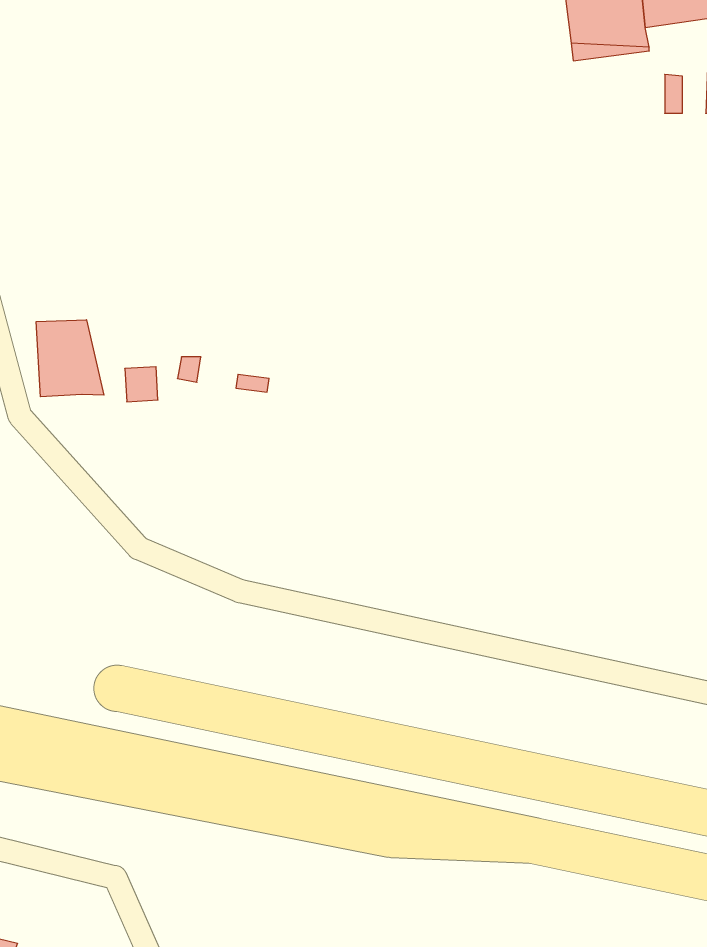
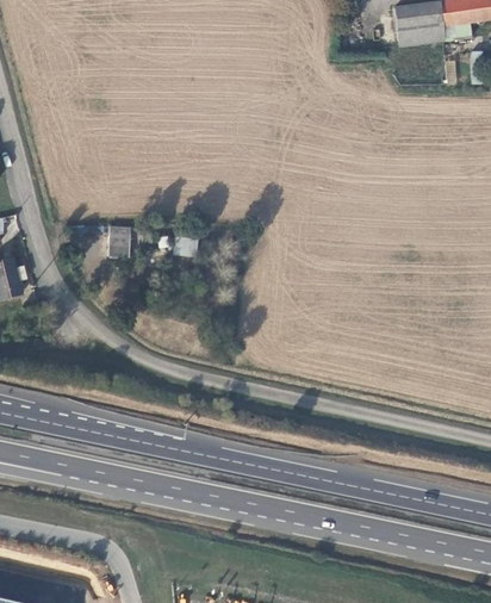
building: [36,320,104,397] -> none

